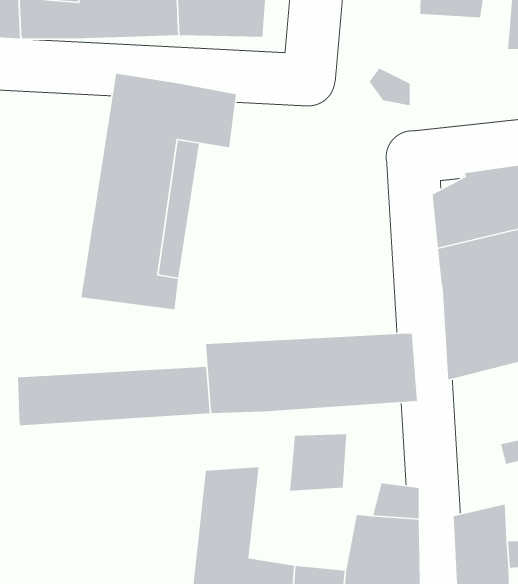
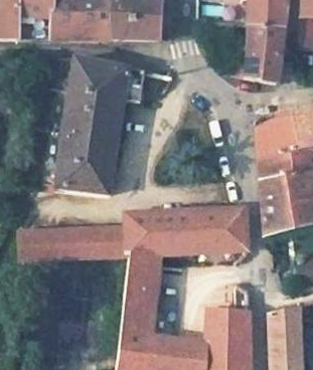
building: none -> [248,25,285,82]
building: [289,434,347,492] -> [127,252,160,286]

